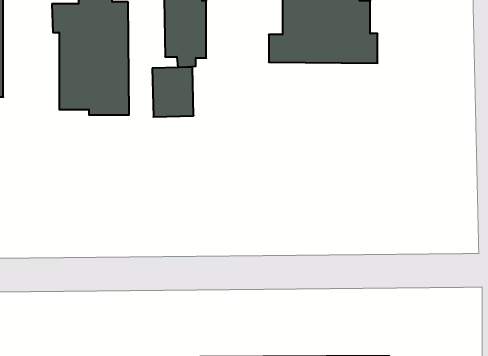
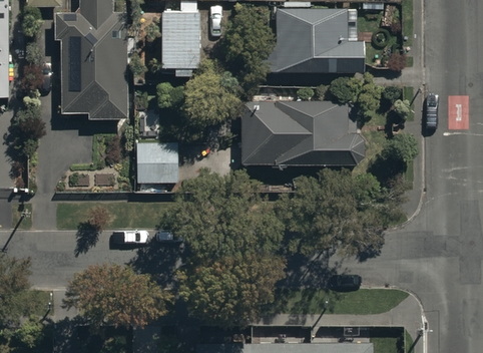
building: [152,67,194,117] -> [138,139,177,187]
building: none -> [239,100,362,163]

